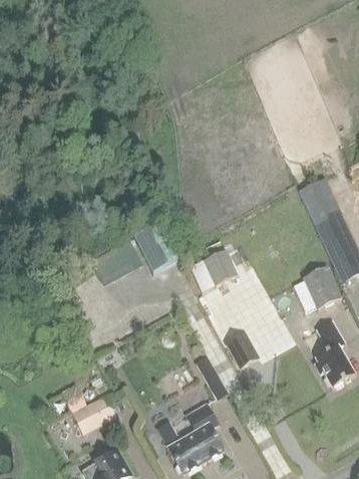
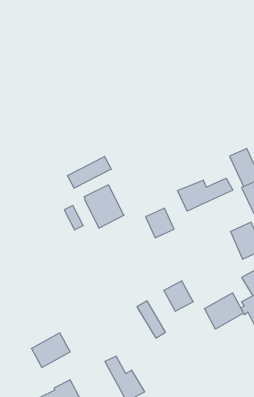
building: none -> [67,156,111,188]
building: none -> [177,178,233,211]
building: none -> [204,293,243,329]
building: [185,401,222,461] -> none

